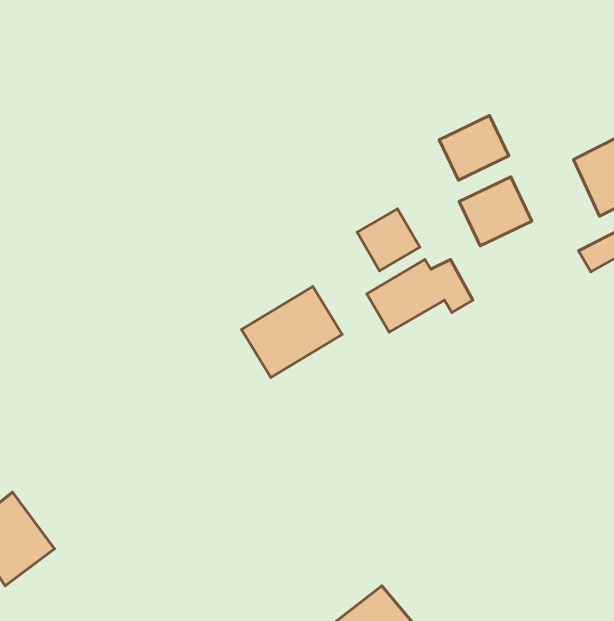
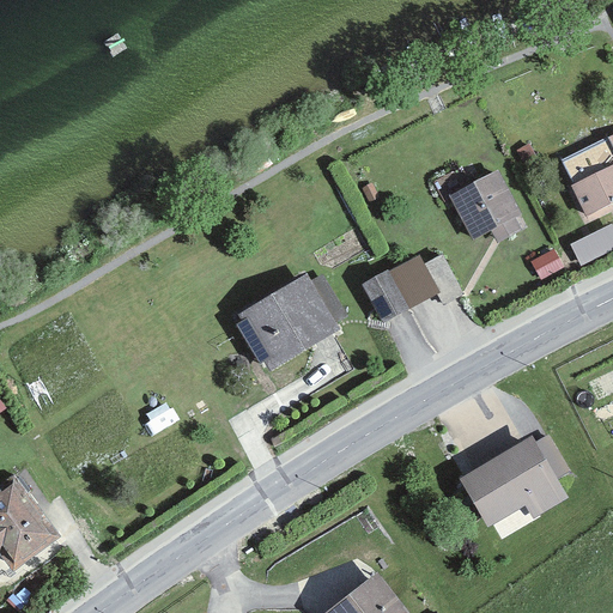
building: [439,116,509,180] -> none
building: [357,209,420,271] -> none
building: none -> [460,437,569,527]

